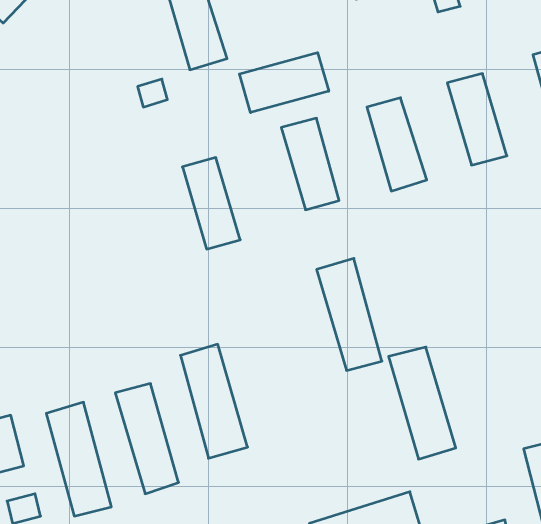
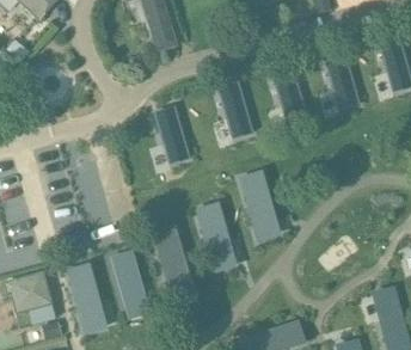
building: [239,53,329,113] -> none
building: [389,347,456,459] -> [195,202,238,274]

